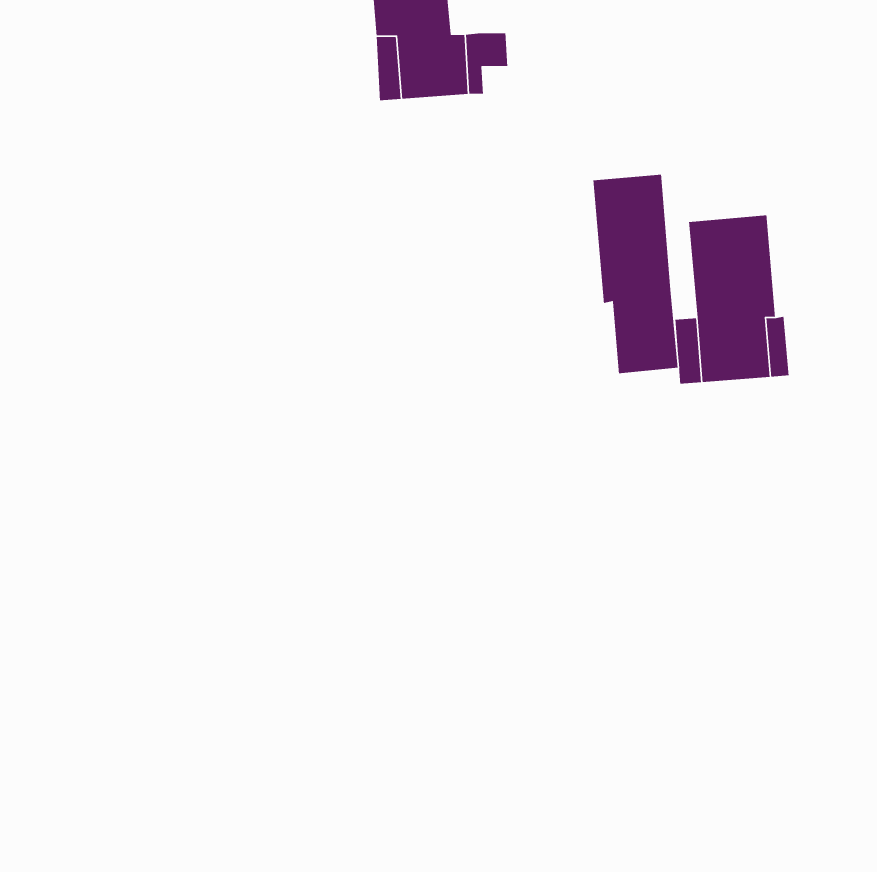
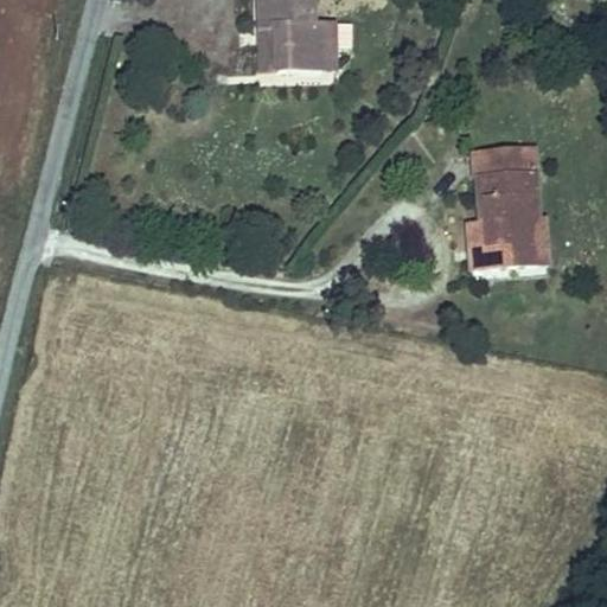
building: [593,174,678,374] -> none

